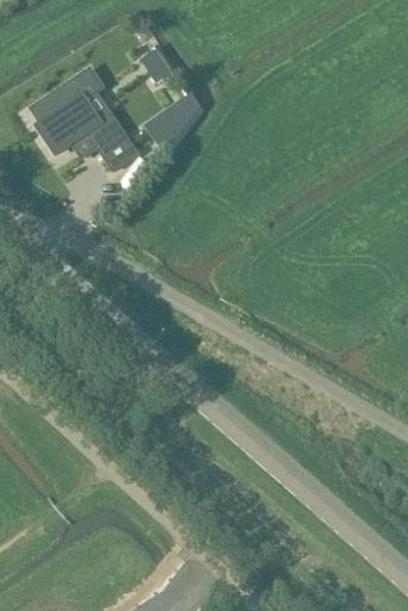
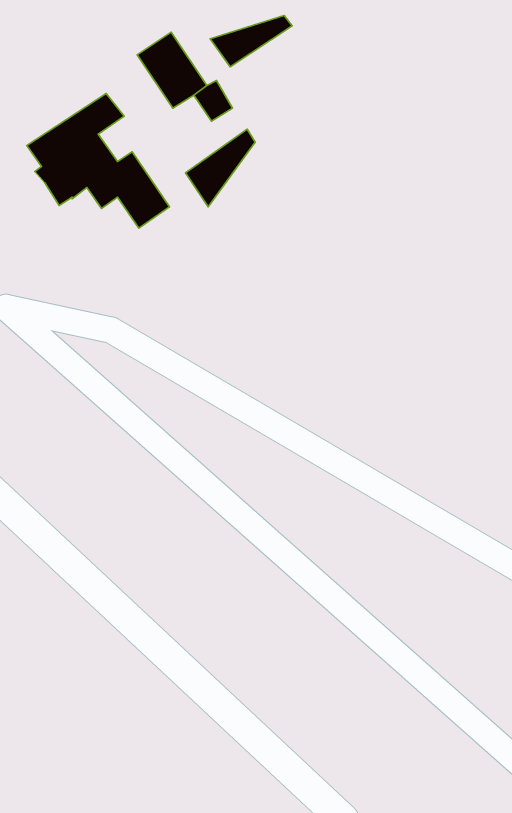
building: none -> [210,15,292,67]

